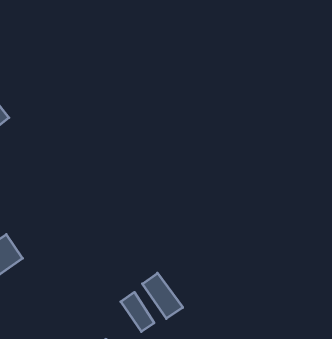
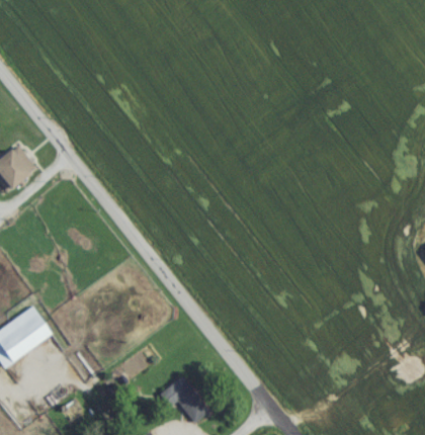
building: [142,273,183,319] -> none

